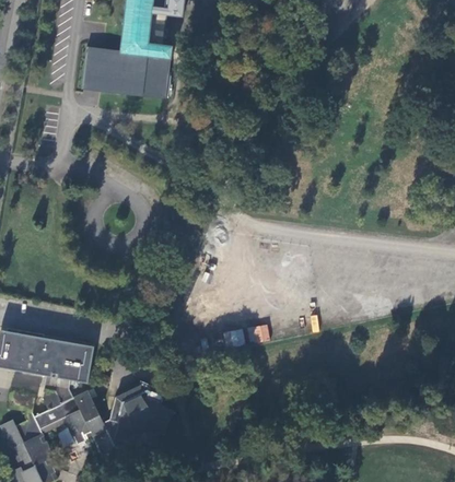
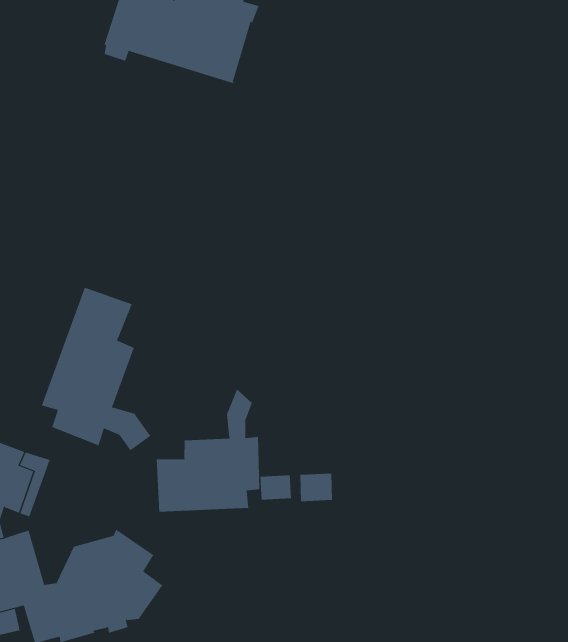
building: none -> [41,287,151,451]
building: none -> [156,389,260,513]

